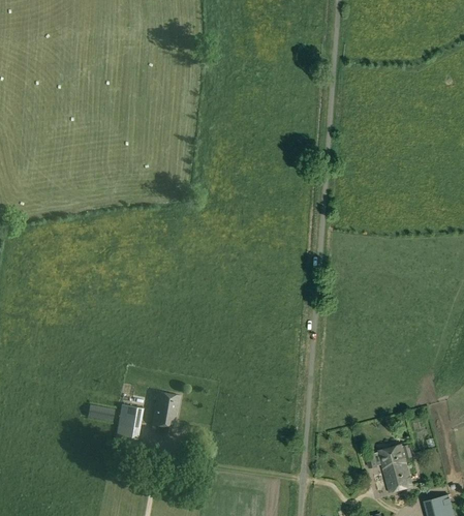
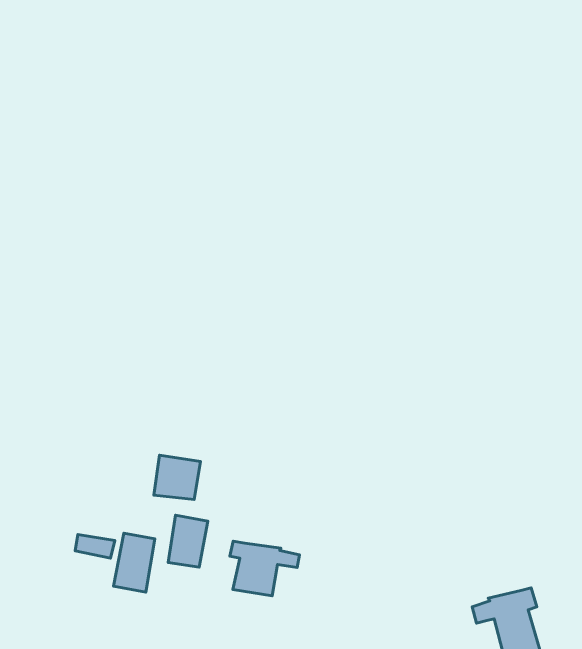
building: none -> [154,455,200,499]
building: none -> [230,541,300,596]

